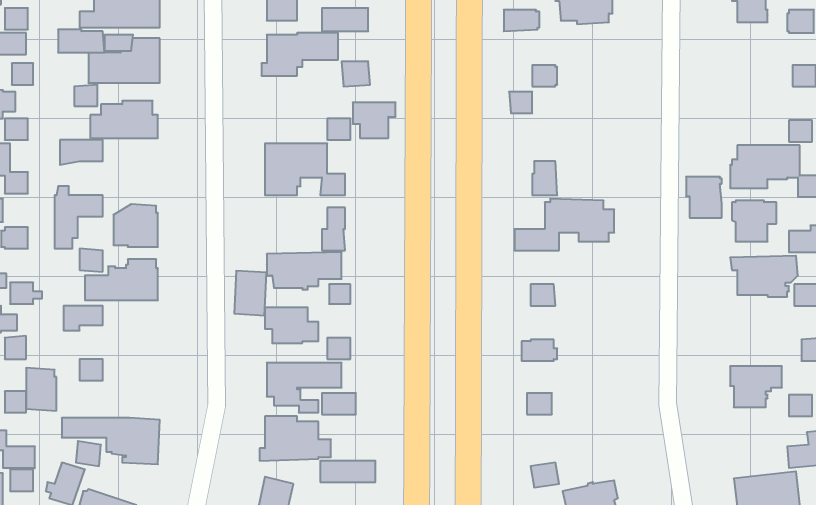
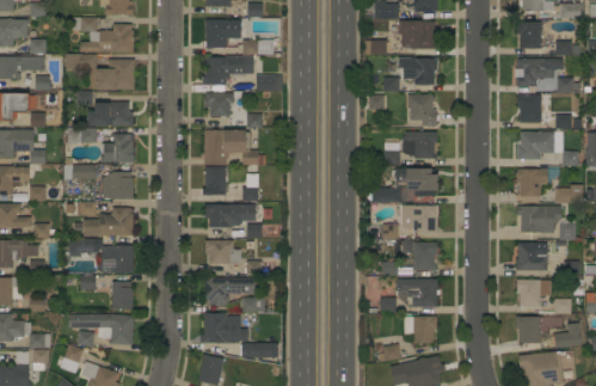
building: none -> [399,59,437,86]
building: none -> [516,59,563,86]
building: none -> [407,94,437,125]
building: [353,102,396,138] -> [205,93,234,117]
building: none -> [401,131,437,160]
building: none -> [100,134,133,163]
building: [686,177,722,218] -> [517,96,541,123]
building: none -> [407,206,438,233]
building: [234,271,266,315] -> [204,166,226,196]
building: none -> [401,240,436,270]
building: none -> [516,243,547,270]
building: none -> [99,245,133,272]
building: none -> [397,278,440,307]
building: [26,368,56,411] -> [112,281,133,310]
building: none -> [404,315,437,343]
building: none -> [516,315,541,343]

